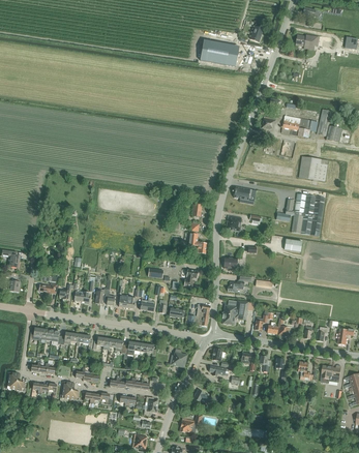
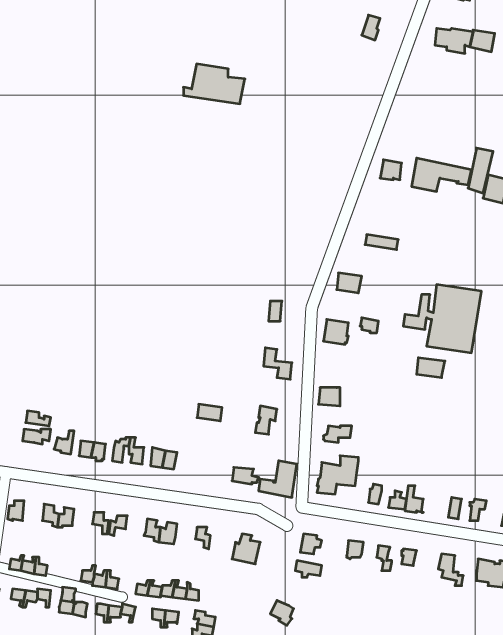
building: [201,41,239,66] -> [183,64,245,104]
building: [299,156,328,181] -> none

